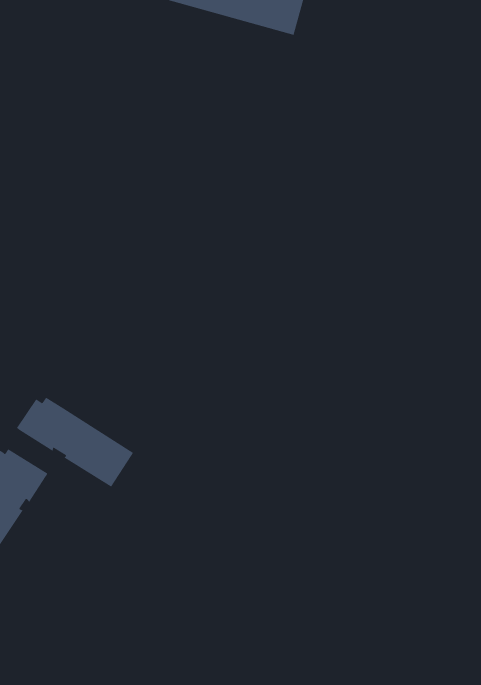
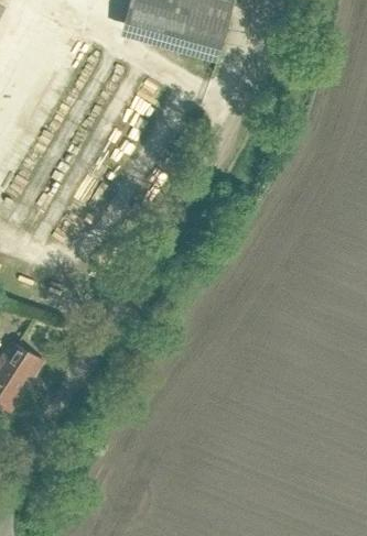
building: [16,397,134,487] -> none

